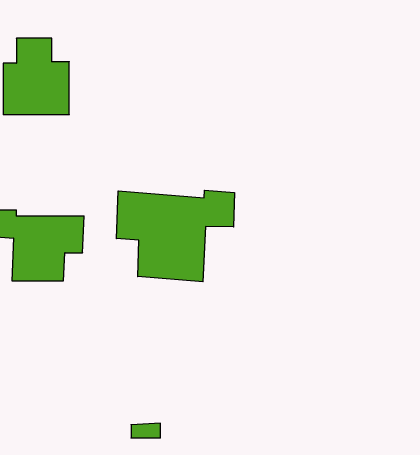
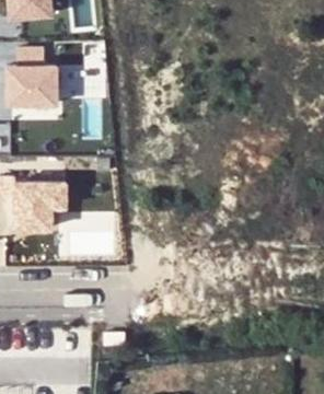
building: [116,190,234,282] -> none

